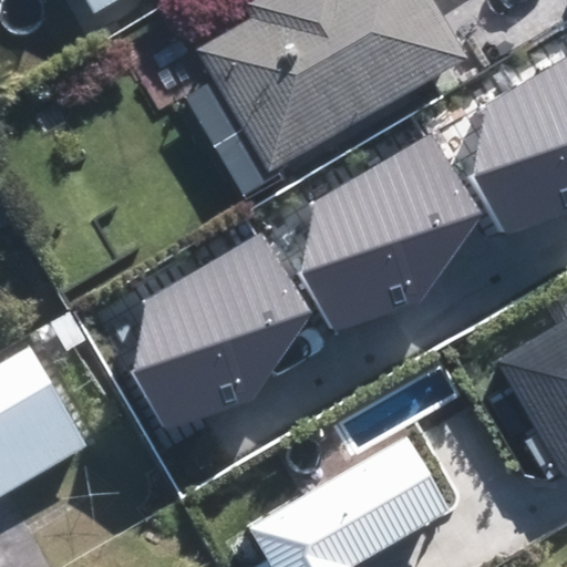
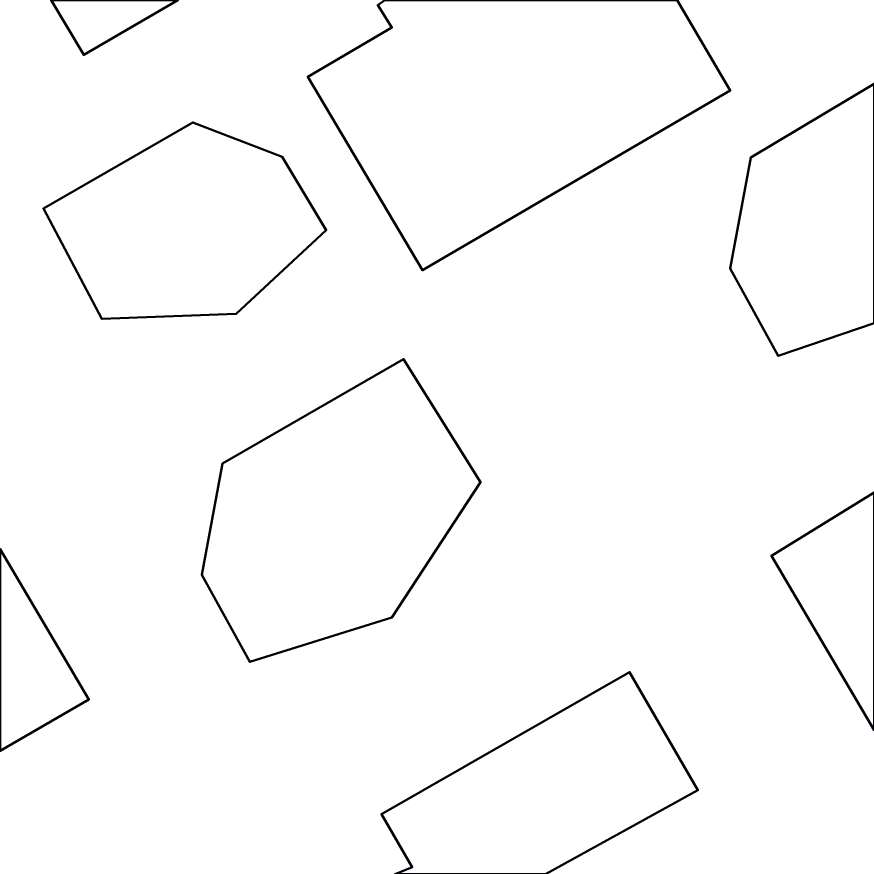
building: none -> [43,123,326,319]
building: [300,134,481,331] -> none

